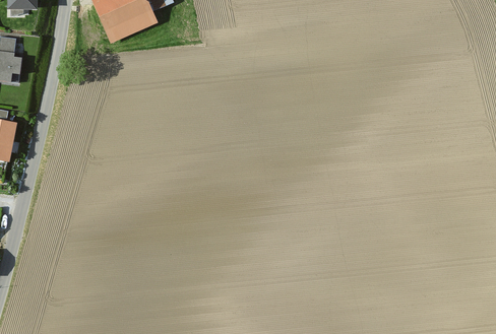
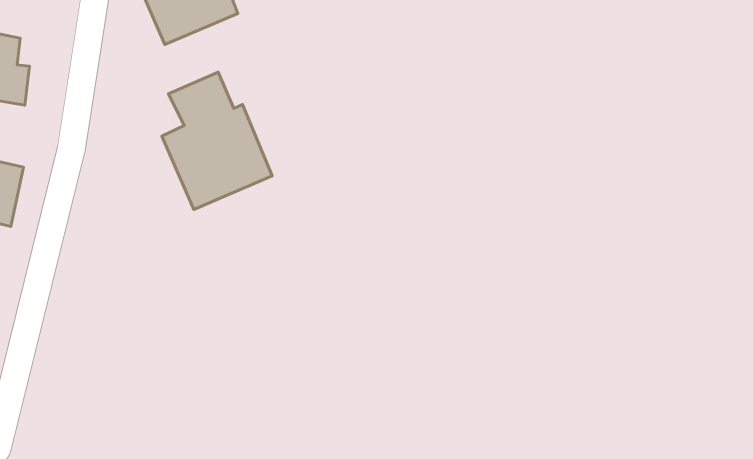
building: none -> [162,72,272,210]

